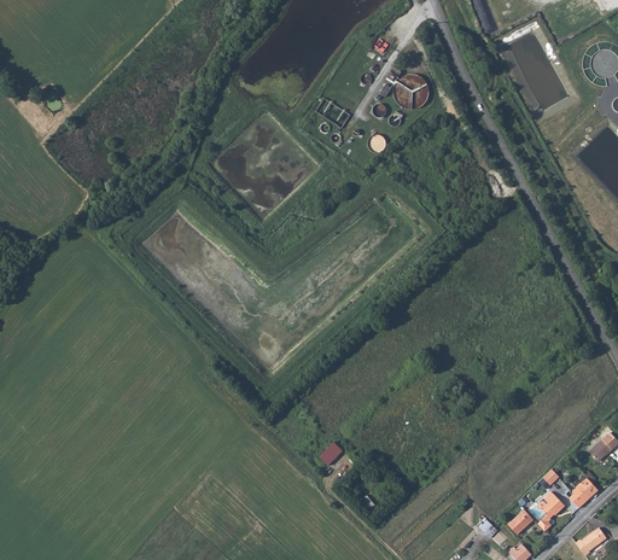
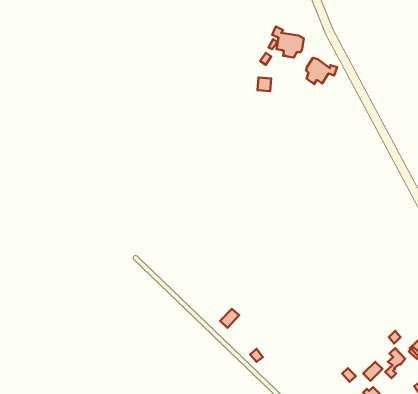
building: none -> [306,58,337,84]

